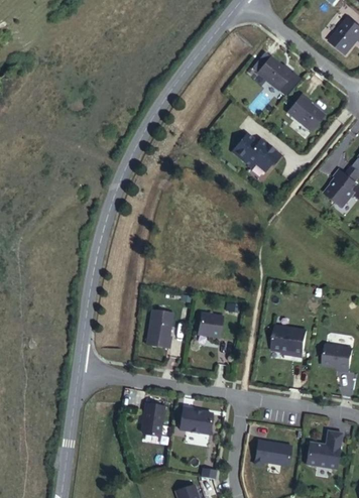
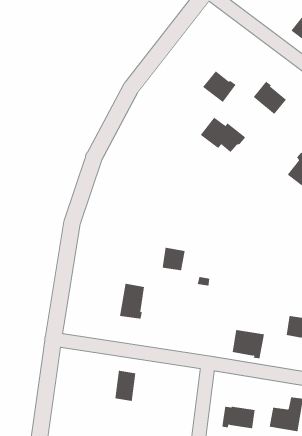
building: [257,56,293,91] -> [202,71,236,103]
building: [199,313,224,338] -> [162,247,186,271]
building: [272,326,308,357] -> [232,330,265,359]
building: [176,406,210,433] -> none

